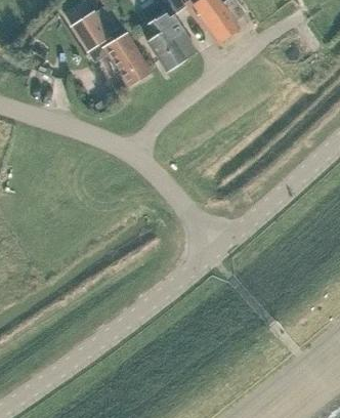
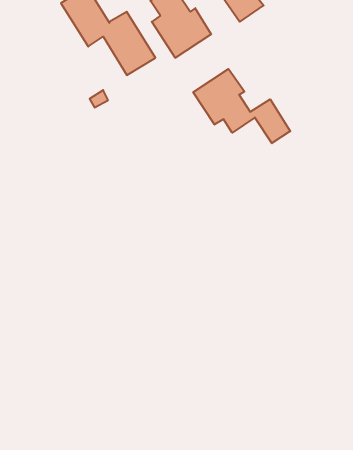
building: none -> [193,69,290,143]

